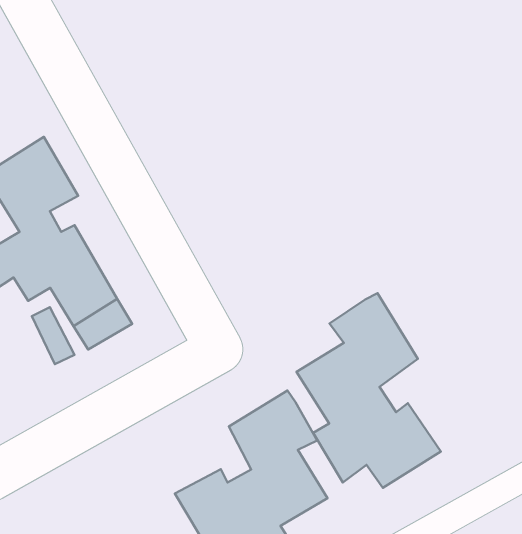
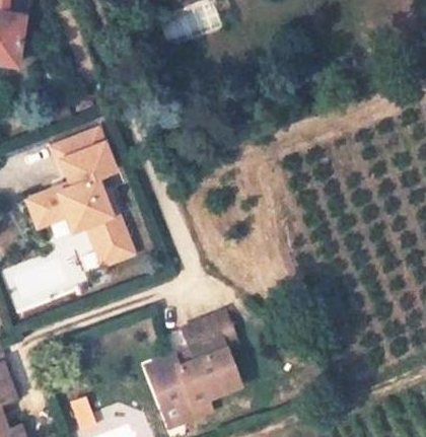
building: [297,293,441,488] -> none

